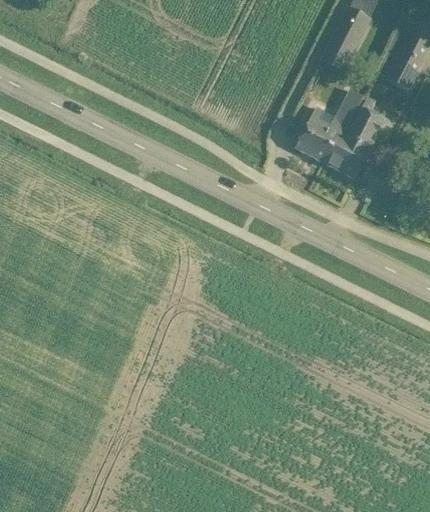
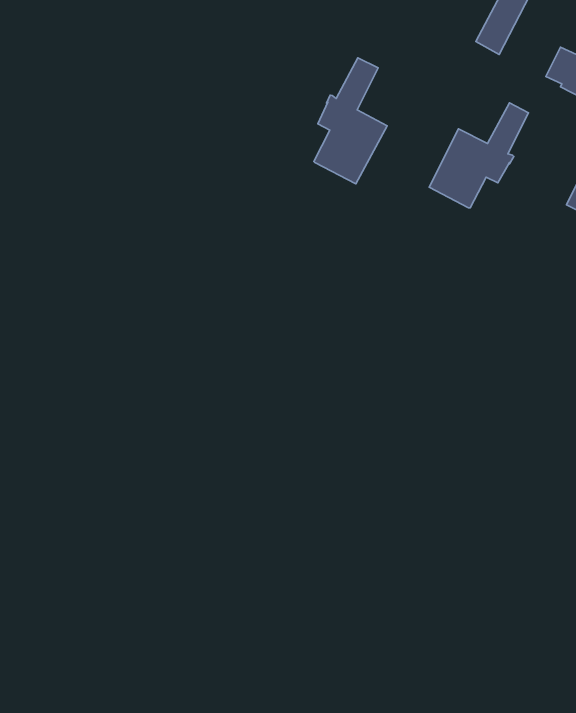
building: none -> [314,58,387,184]
building: [324,99,385,179] -> none

